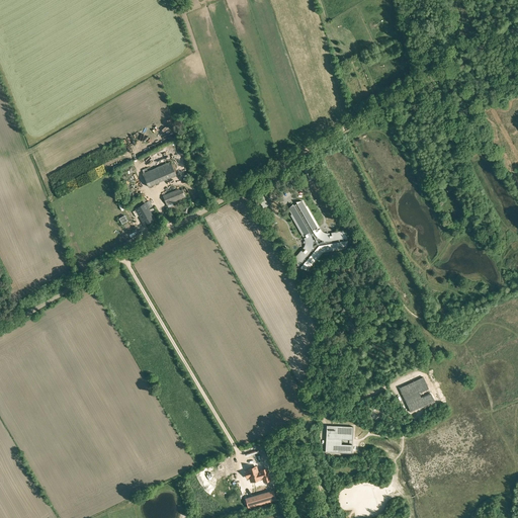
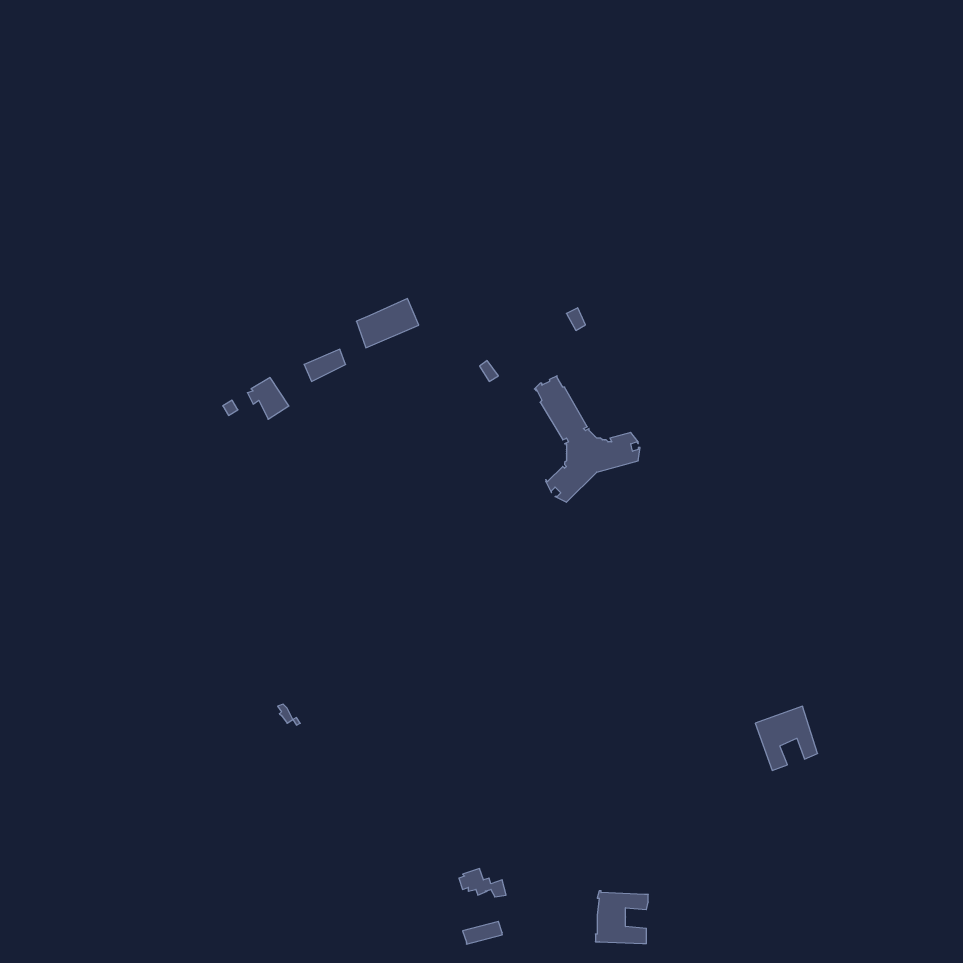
building: [144,160,177,186] -> [356,299,419,348]
building: [326,424,354,452] -> [595,891,648,944]

